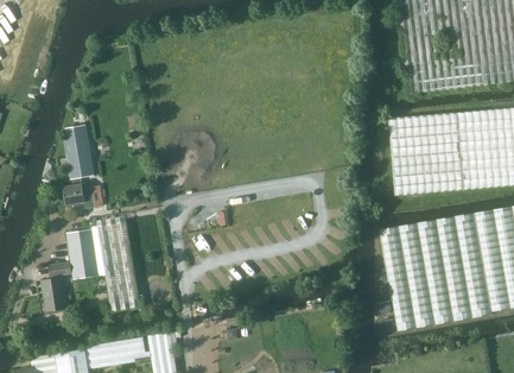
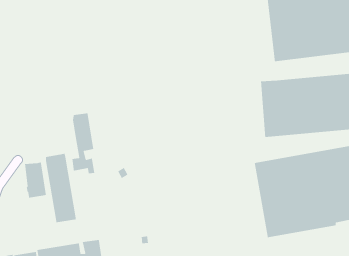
building: [63,126,95,209] -> [71,113,95,174]
building: [44,260,72,310] -> none

